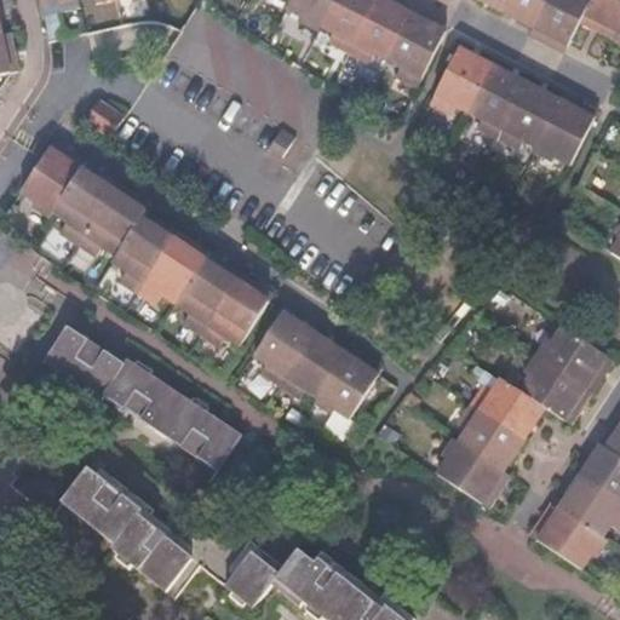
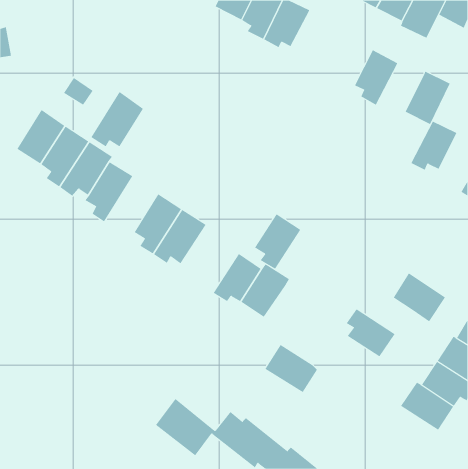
building: [384,13,442,87] -> none
building: [429,48,492,115] -> none
building: [496,84,558,149] -> [410,121,457,170]
building: [138,232,208,306] -> [91,91,144,147]
building: [253,312,315,386] -> [254,213,301,269]
building: [29,325,232,457] -> none
building: [539,328,609,392] -> none
building: [470,379,544,441] -> none
building: [437,443,507,507] -> [265,344,318,393]
building: [67,458,199,584] -> none

